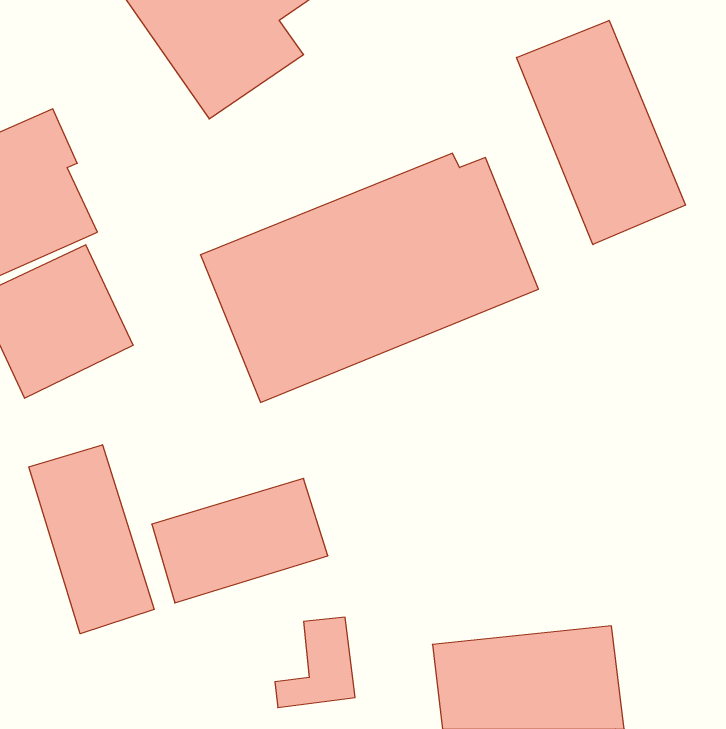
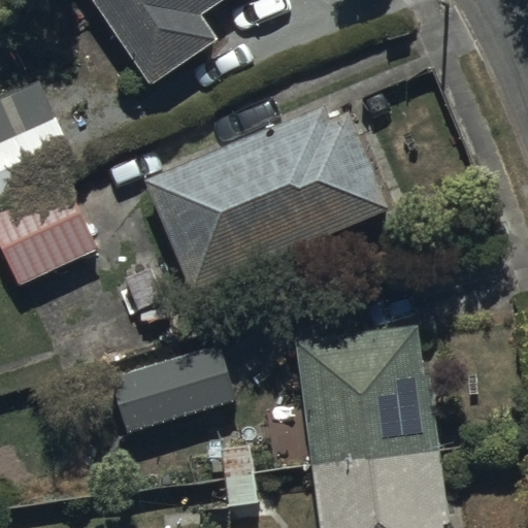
building: [517,20,686,245] -> none
building: [29,445,154,634] -> none
building: none -> [296,325,440,464]

